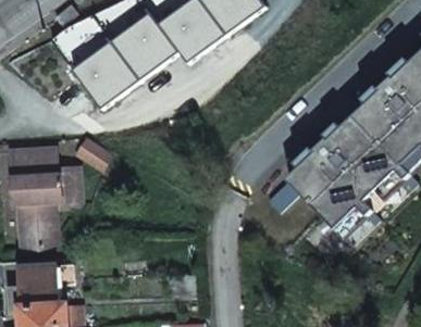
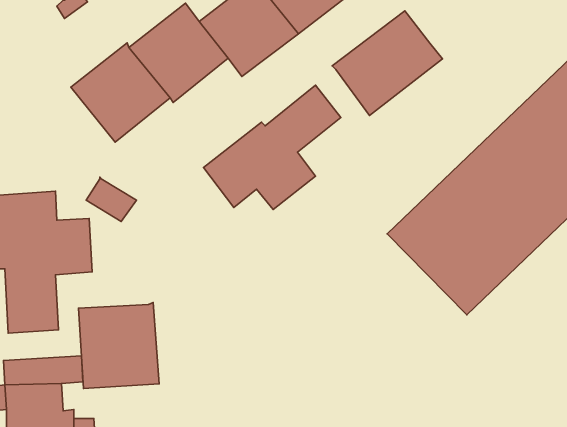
building: none -> [332,11,443,116]
building: none -> [203,85,341,210]
building: none -> [79,302,159,388]

